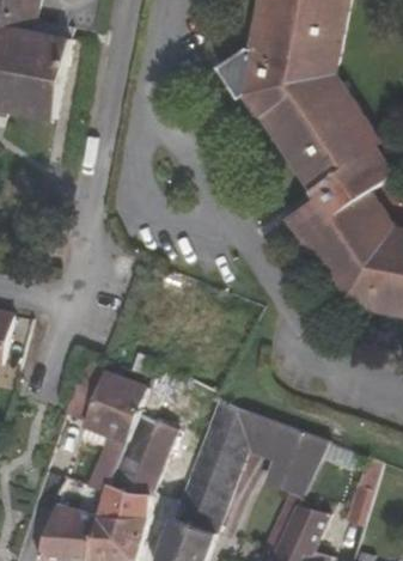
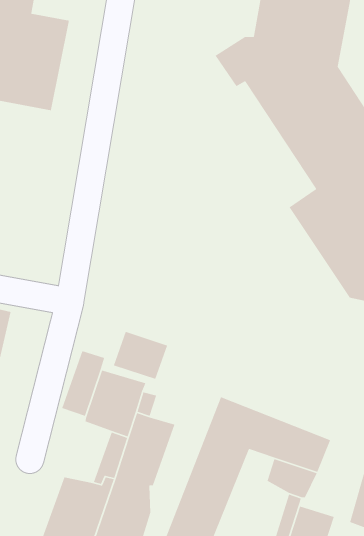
building: none -> [113,331,168,380]

